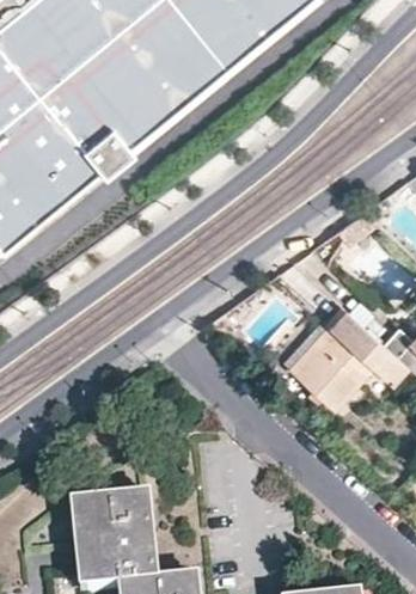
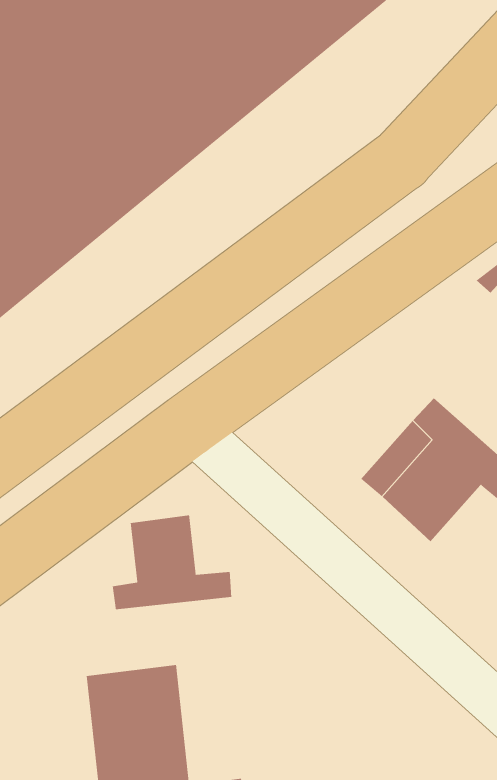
building: none -> [112,515,232,610]

